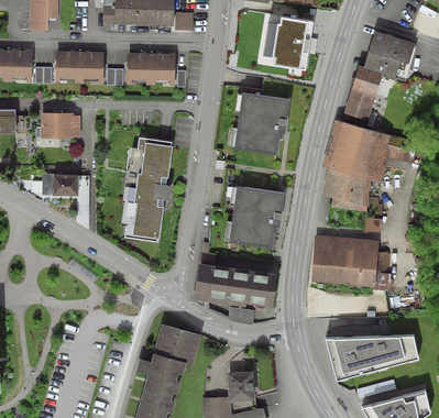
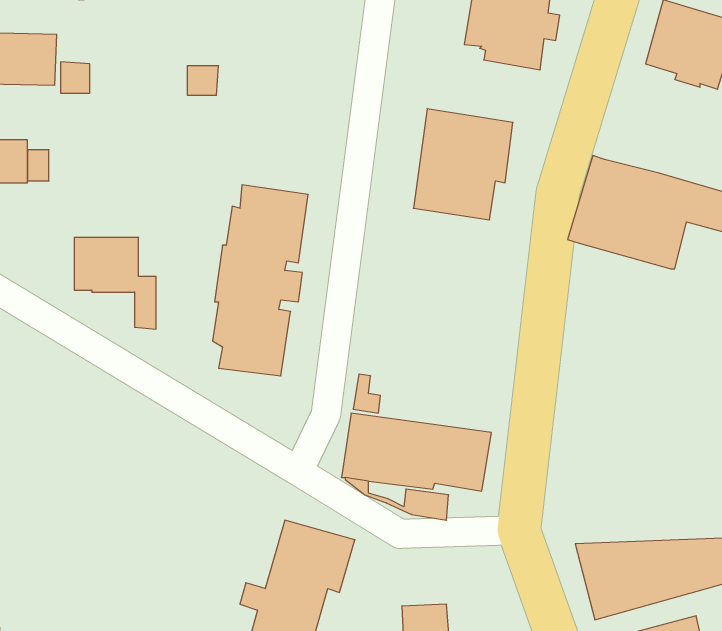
building: [56,51,105,81] -> none
building: [127,52,176,83] -> none
building: [342,66,383,129] -> none
building: [41,112,80,139] -> none
building: [322,168,380,211] -> none
building: [229,187,285,250] -> none
building: [311,235,393,290] -> none

